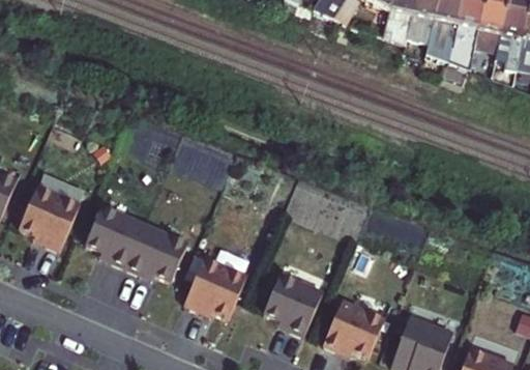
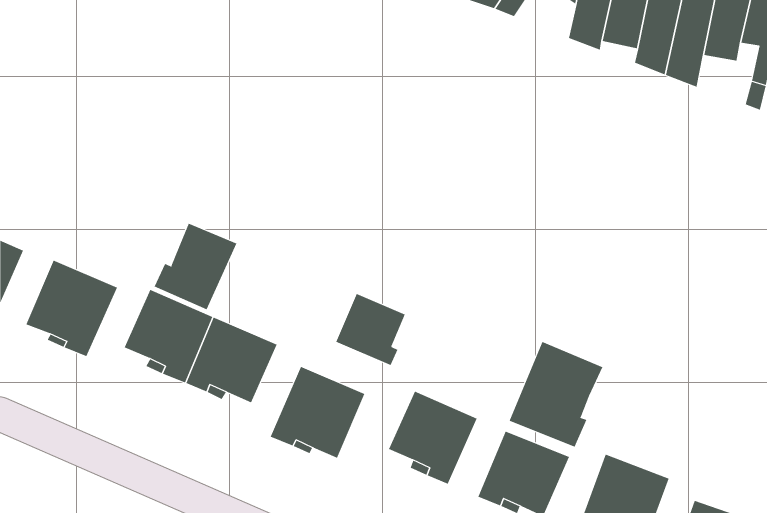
building: none -> [154,223,237,310]
building: none -> [335,293,406,366]
building: none -> [509,341,603,448]

